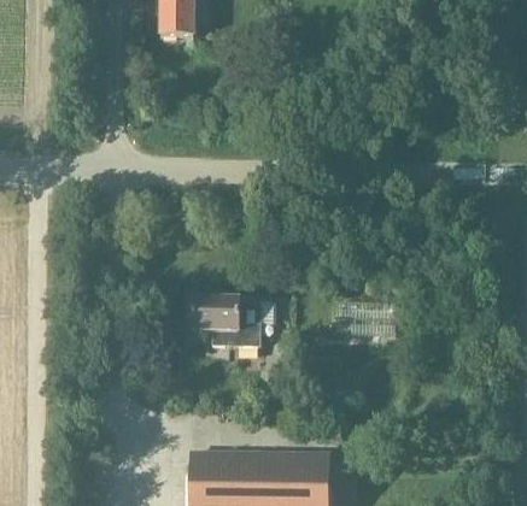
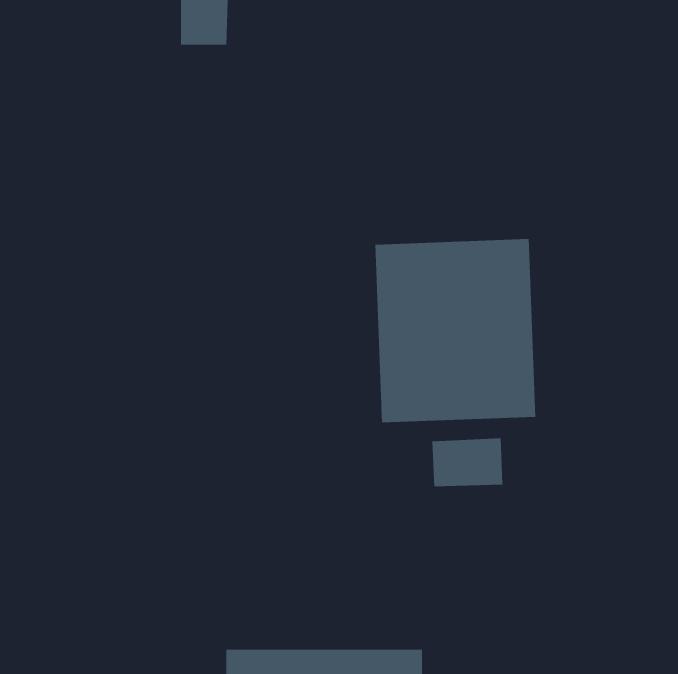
building: none -> [375,238,536,423]
building: [192,298,259,340] -> none

